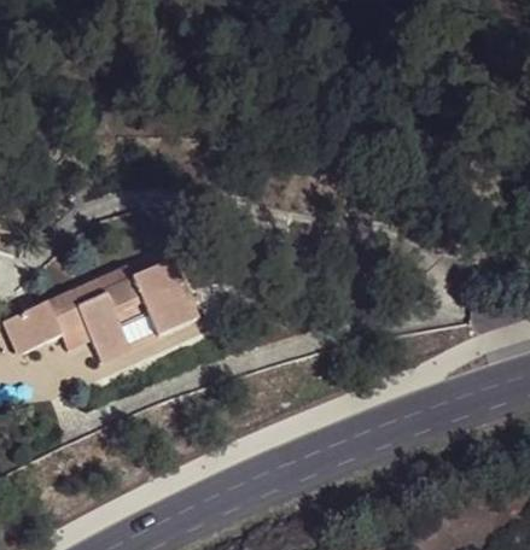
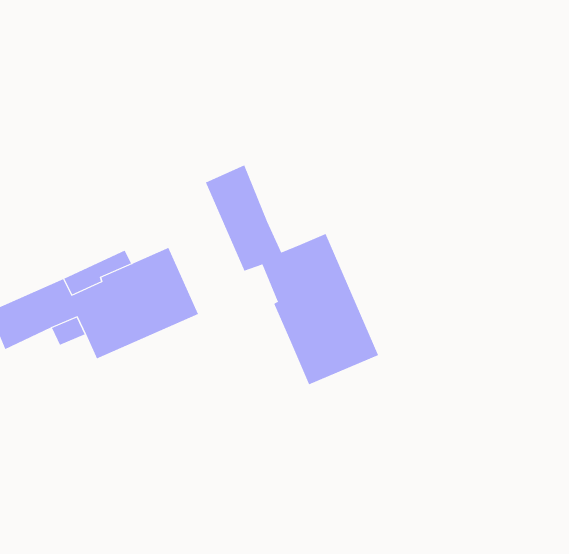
building: none -> [205,165,379,385]

